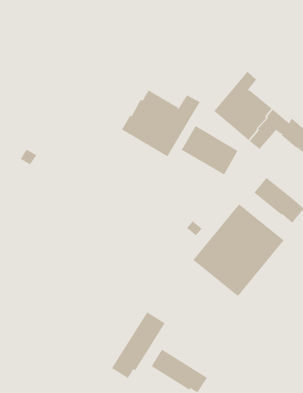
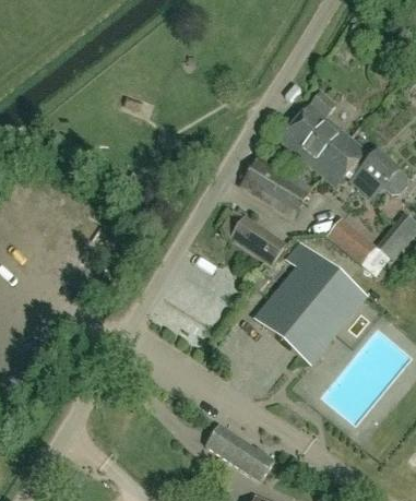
building: [121,89,201,157] -> none
building: none -> [231,218,285,265]
building: [111,311,166,379] -> none

